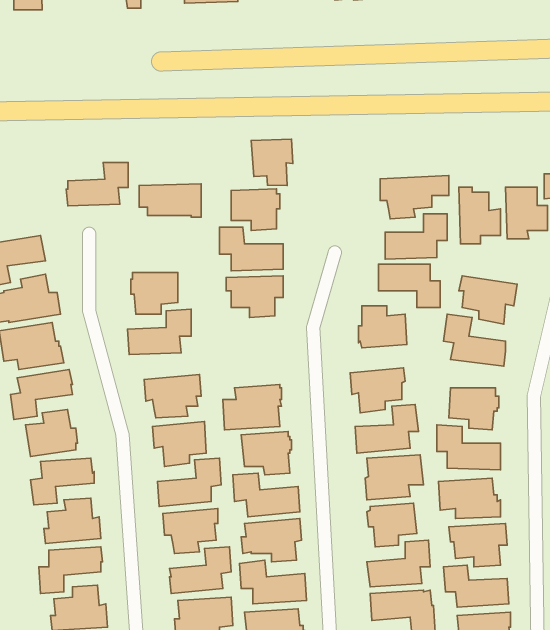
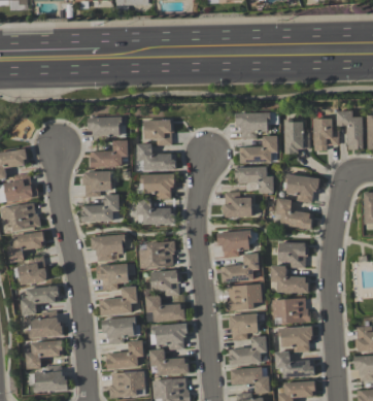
building: [251,139,293,186] -> none
building: [66,162,128,206] -> [90,140,128,167]
building: none -> [136,198,175,225]

